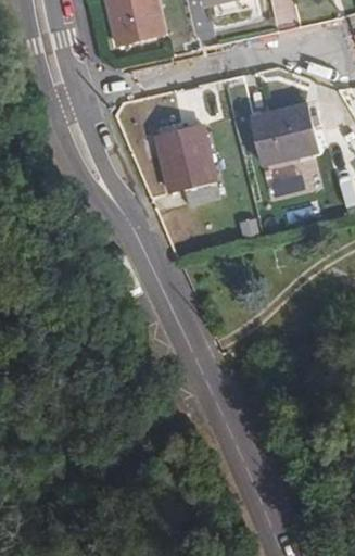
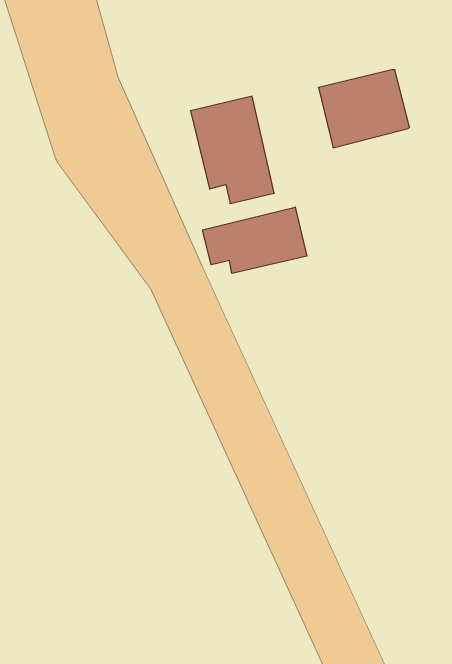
building: none -> [203,207,307,273]

